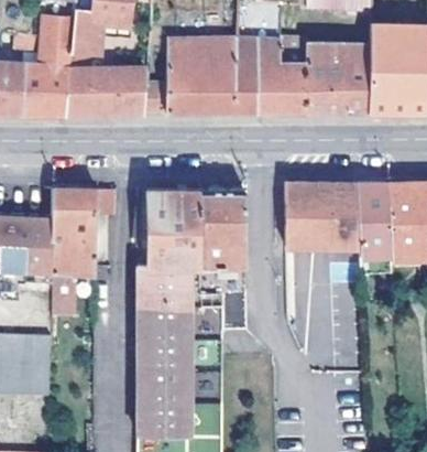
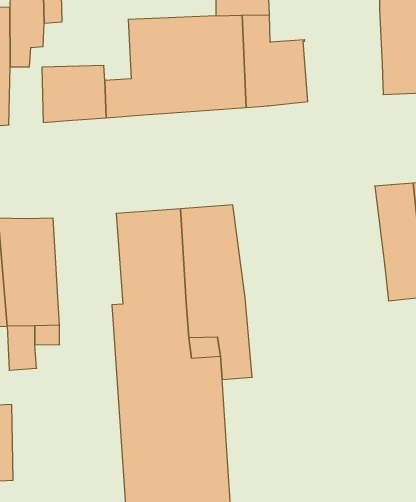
building: [306,42,369,111] -> none
building: [66,66,96,112] -> none
building: [284,182,358,248] -> none

